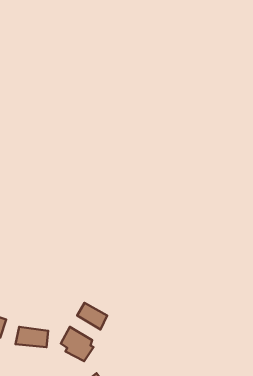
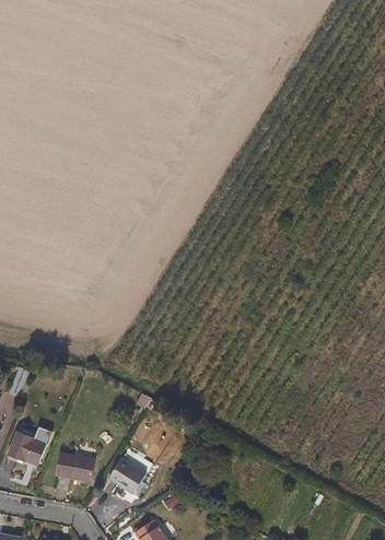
building: [77,303,107,330] -> none

